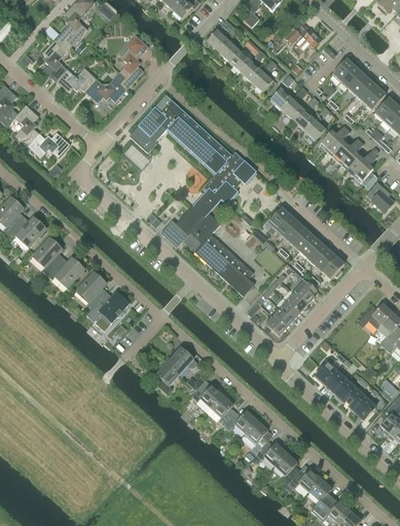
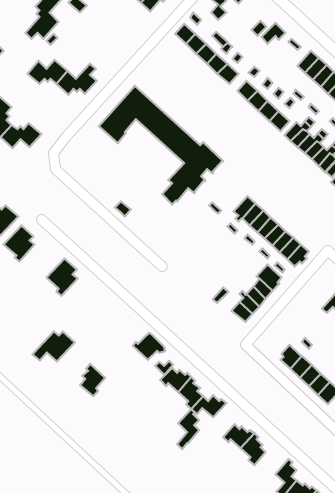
building: [118,34,148,88] -> none
building: [42,39,72,81] -> none
building: [160,204,254,295] -> none
building: [47,256,84,288] -> none
building: [85,291,129,322] -> [33,331,75,362]
building: [153,360,179,392] -> [80,364,105,396]
building: [245,418,267,459] -> [177,409,199,449]
building: [288,467,323,491] -> none

